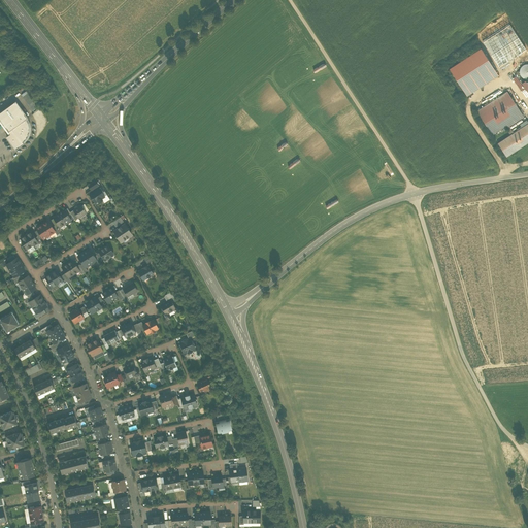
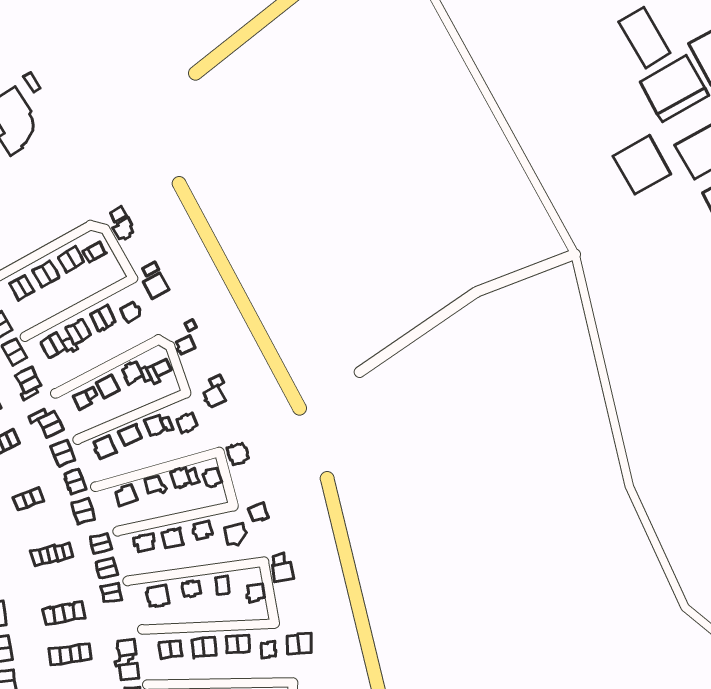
building: none -> [619,7,670,68]
building: none -> [613,135,671,194]

